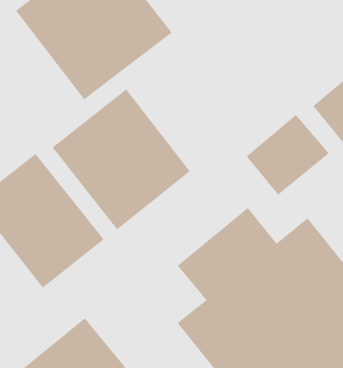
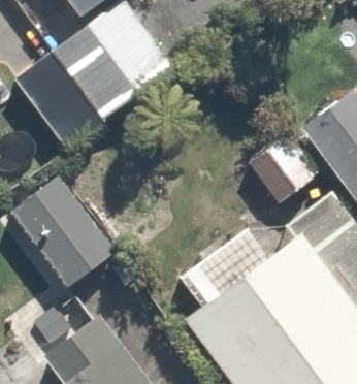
building: [52,89,191,230] -> none

